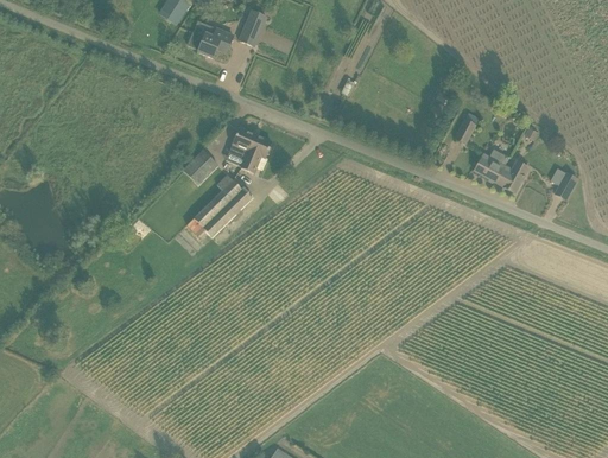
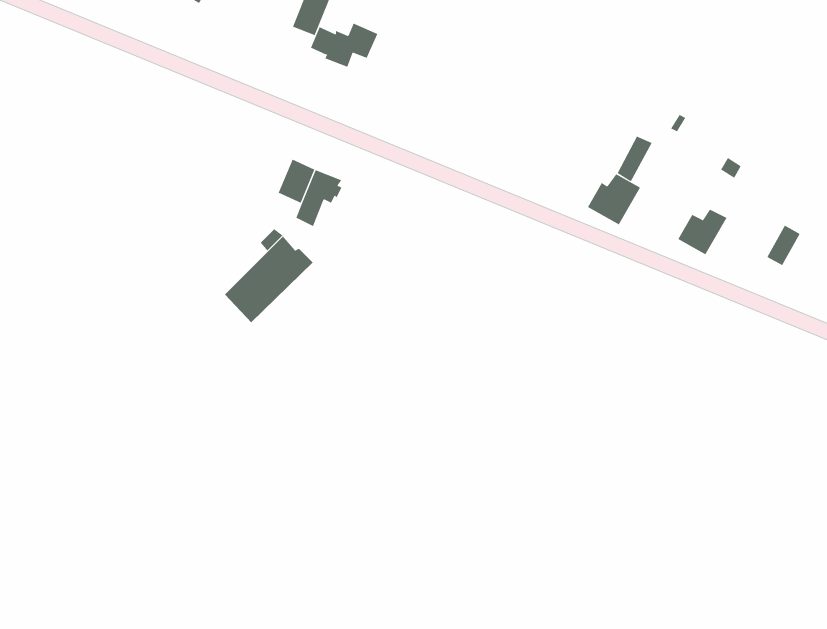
building: [186,28,232,58] -> [310,23,378,68]
building: [473,147,508,182] -> [587,173,641,225]
building: [182,150,216,185] -> none

